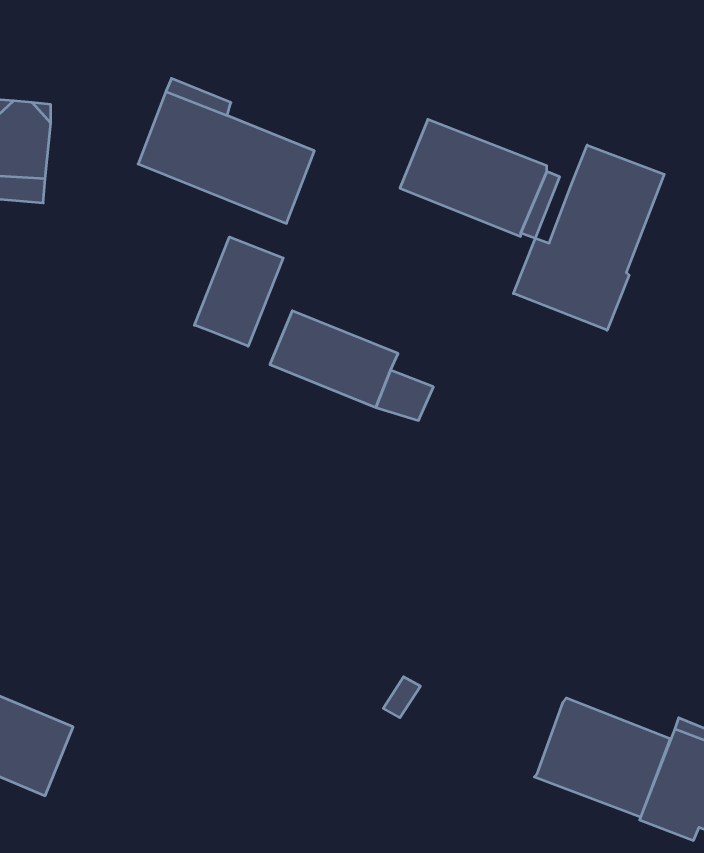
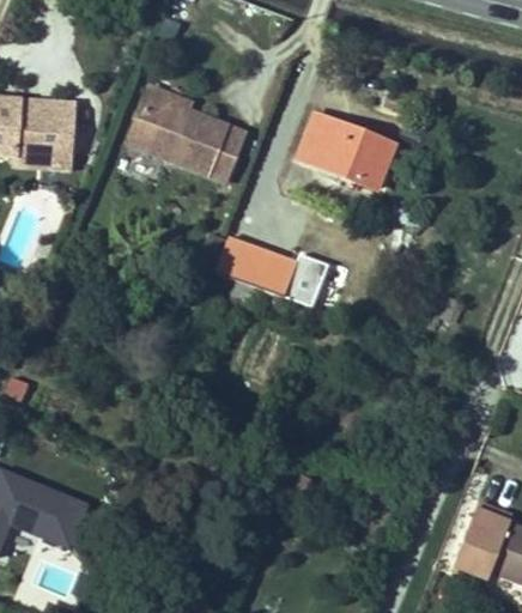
building: [513,145,664,330] -> none
building: [194,237,283,346] -> none
building: [534,698,670,817] -> none

